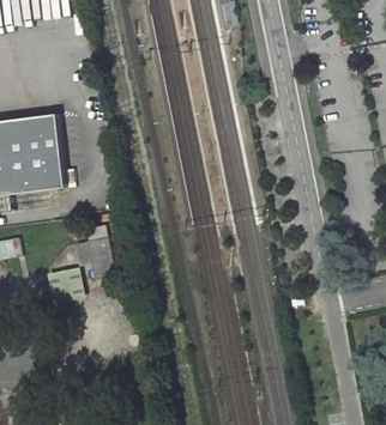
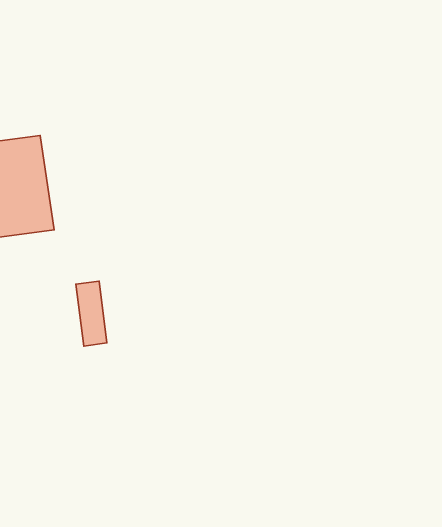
building: [41,263,74,297] -> none

